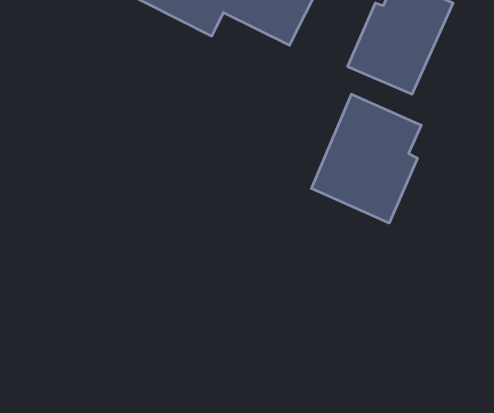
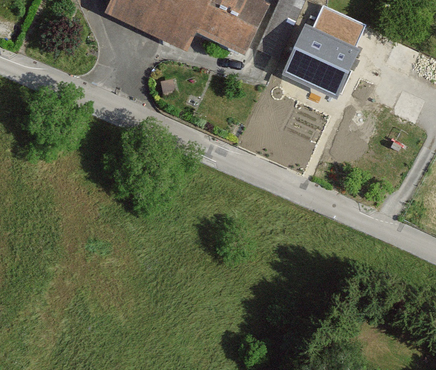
building: [311,94,421,223] -> none

